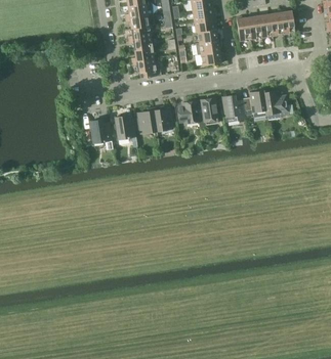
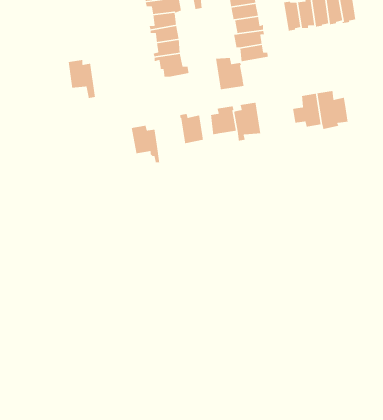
building: [222,94,246,121] -> [215,57,245,90]
building: [133,109,157,132] -> none
building: [90,118,113,149] -> [68,59,96,99]

